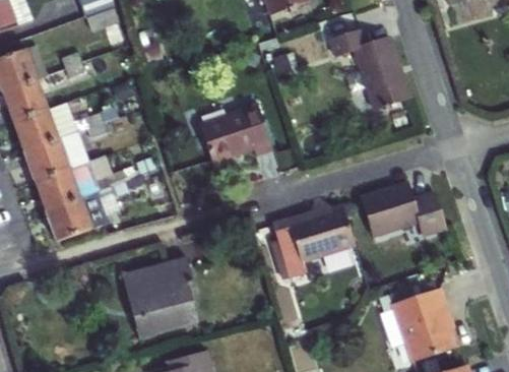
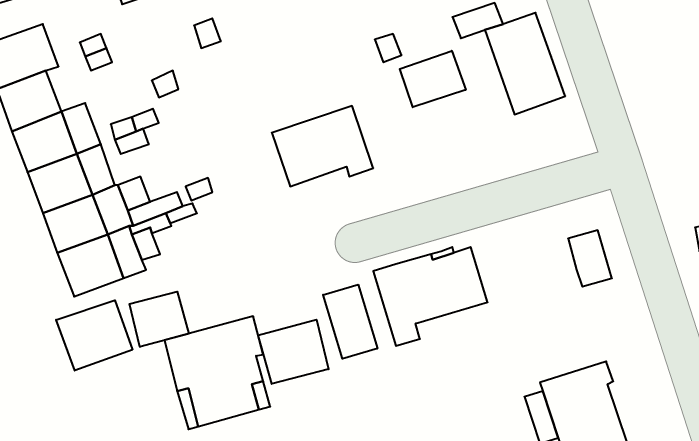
building: none -> [400,51,466,107]
building: [361,183,419,236] -> none
building: none -> [323,285,377,359]
building: none -> [129,292,189,347]
building: none -> [56,300,132,371]
building: none -> [258,320,329,384]

